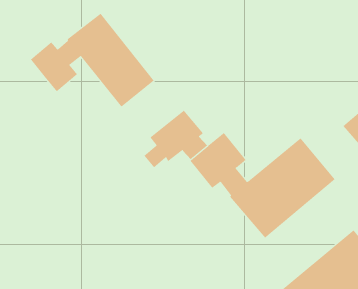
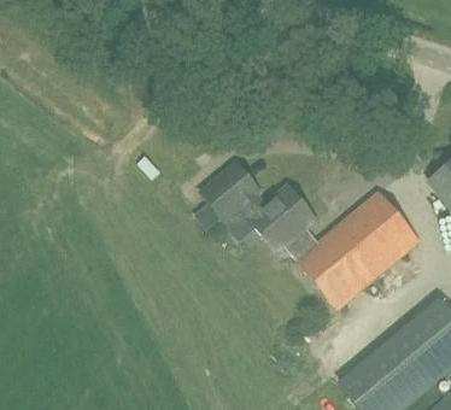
building: [30,13,154,107] -> none

